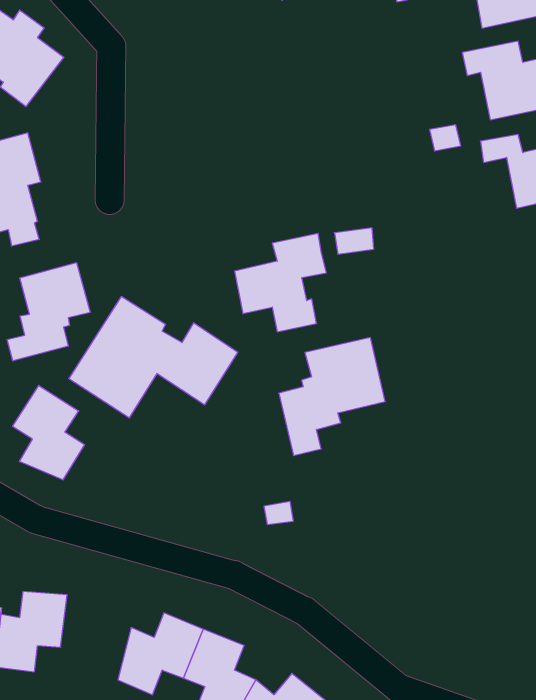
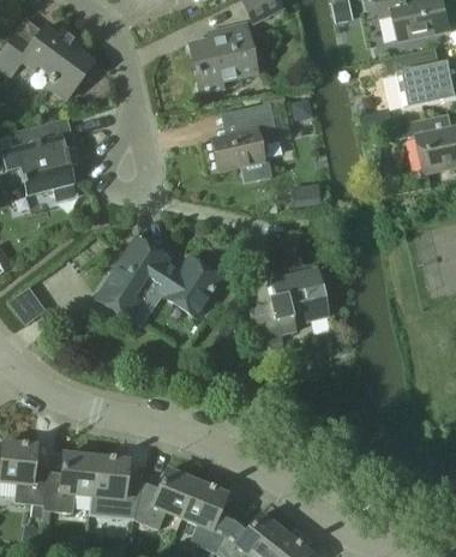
building: none -> [190,24,256,89]
building: [235,233,326,332] -> [211,110,278,182]
building: [7,263,90,361] -> none
building: [13,385,85,480] -> none
building: none -> [91,455,143,517]

